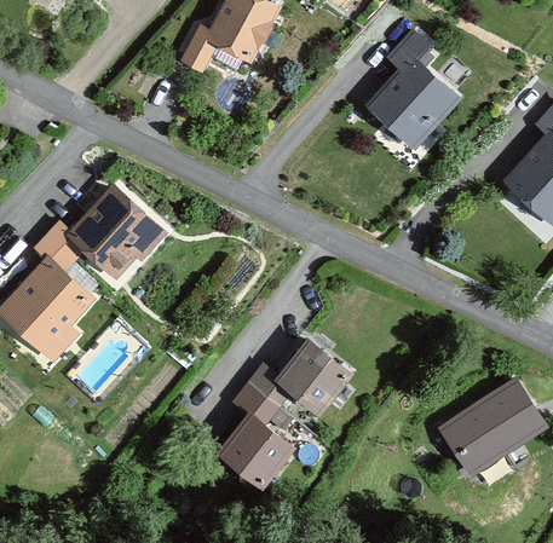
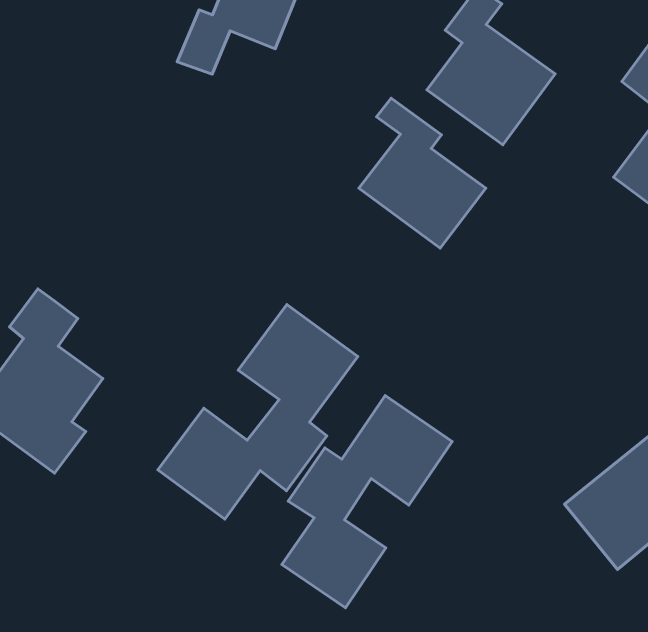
building: none -> [359,98,486,248]
building: [65,184,166,278] -> none
building: none -> [158,304,358,519]

